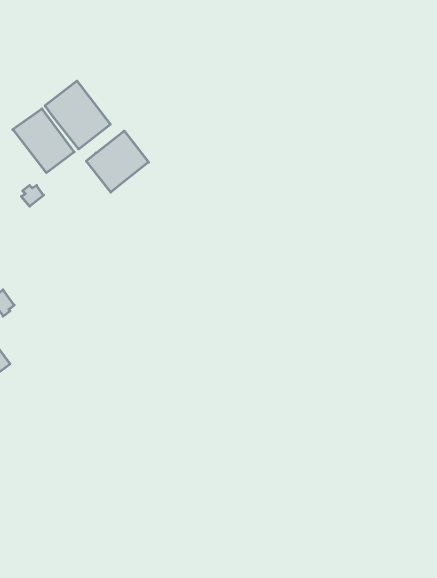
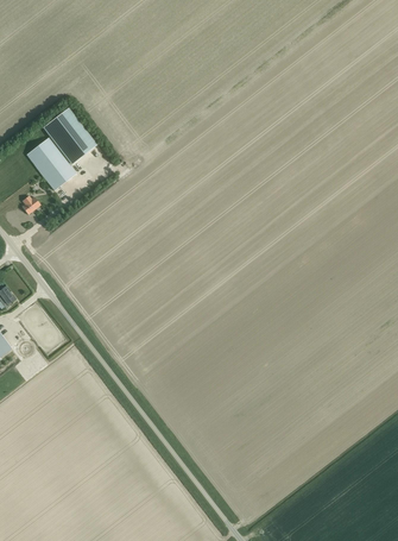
building: [86,131,149,192] -> none

